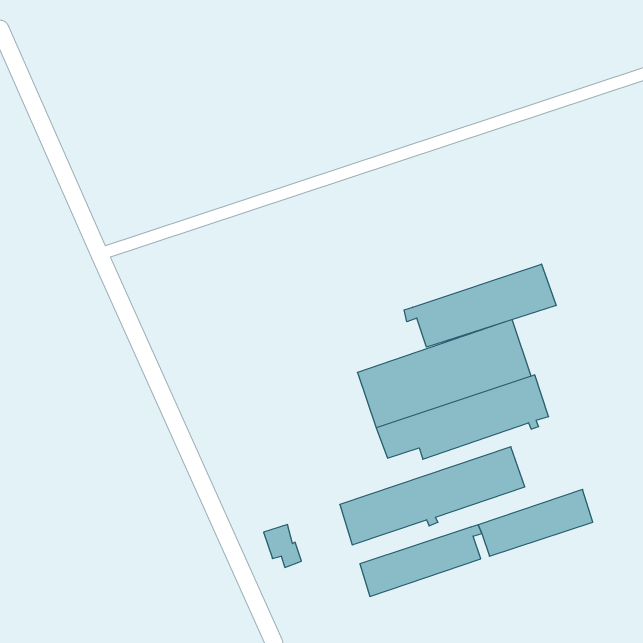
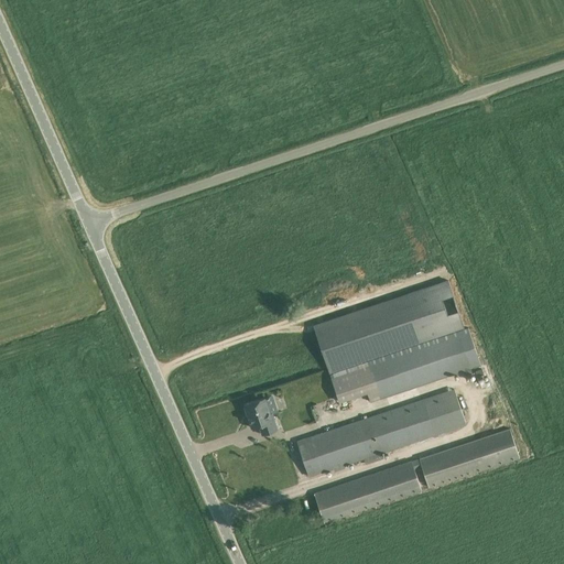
building: [404,264,556,347] -> none
building: [264,525,301,567] -> [243,398,276,435]

